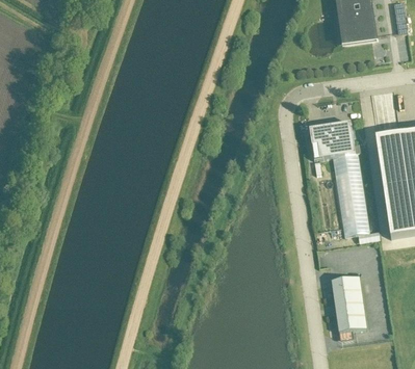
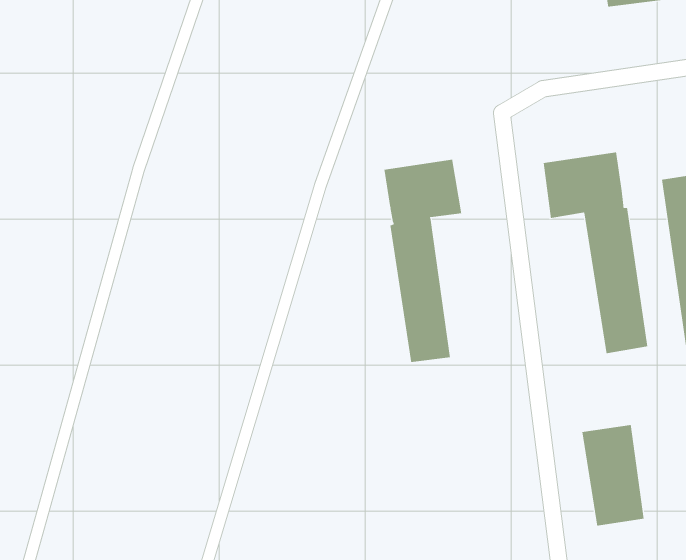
building: none -> [384,159,462,363]

